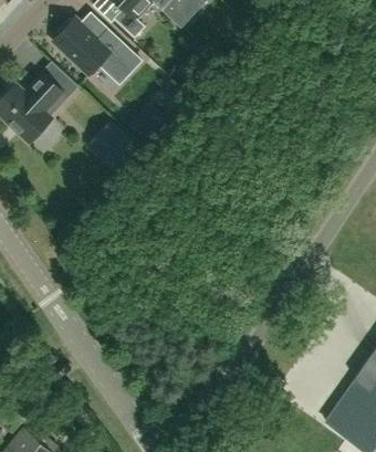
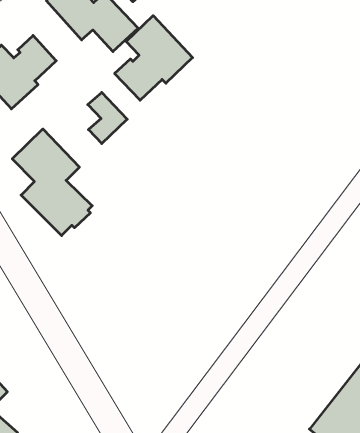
building: none -> [115,16,193,100]
building: none -> [12,129,92,236]

